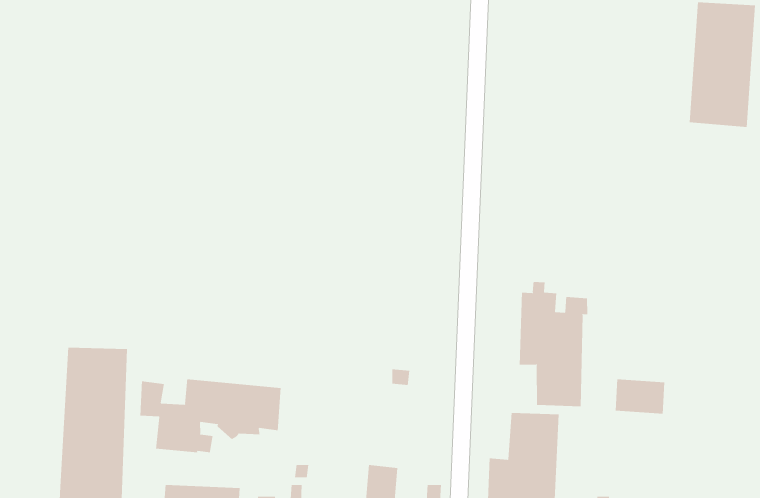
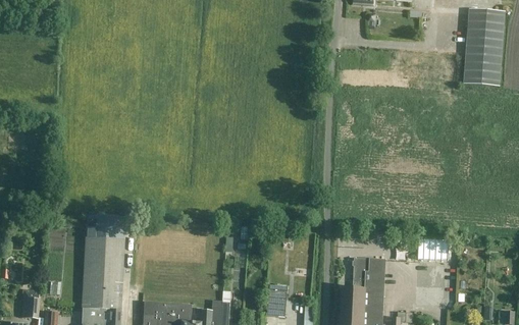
building: [519,281,588,407] -> none
building: [140,378,281,453] -> none

